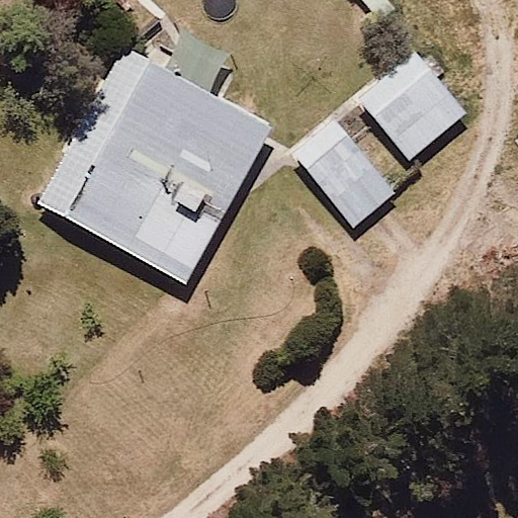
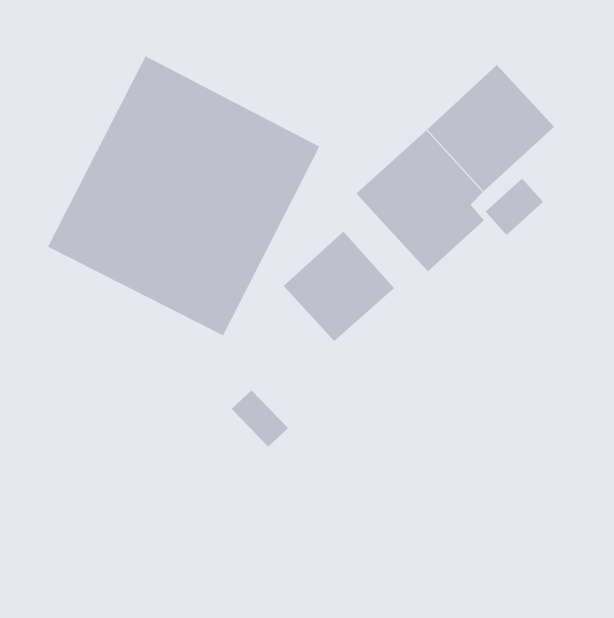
building: none -> [283,231,395,342]

